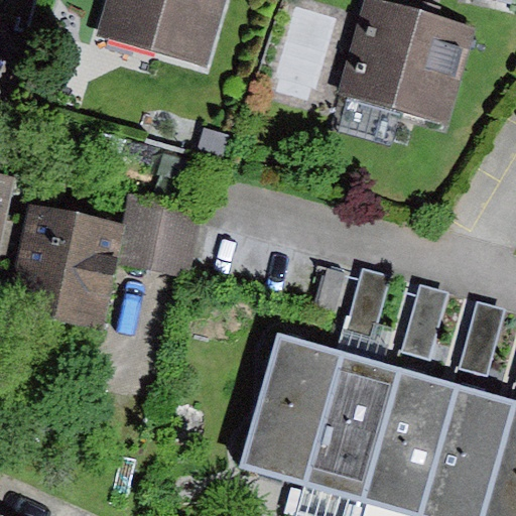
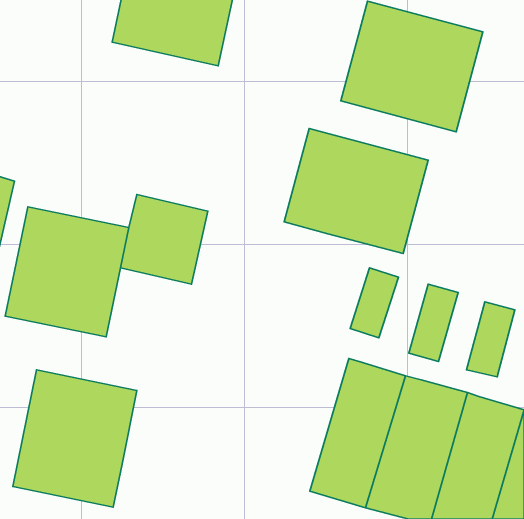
building: none -> [284,129,428,254]
building: [241,335,342,481] -> none
building: none -> [13,370,137,507]

